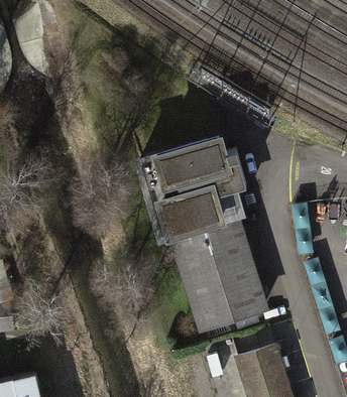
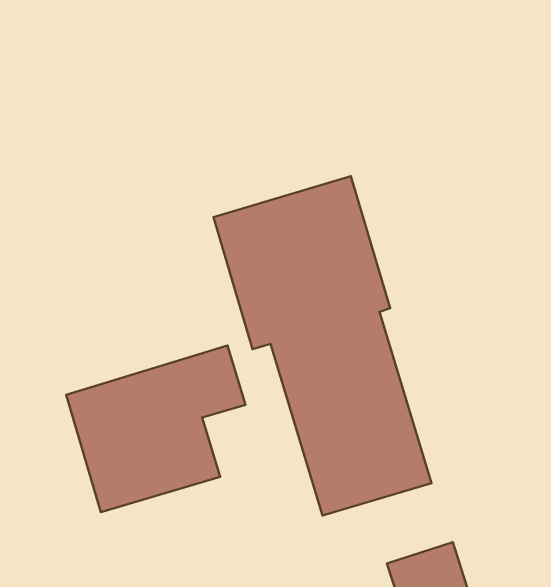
building: none -> [66,346,245,512]

